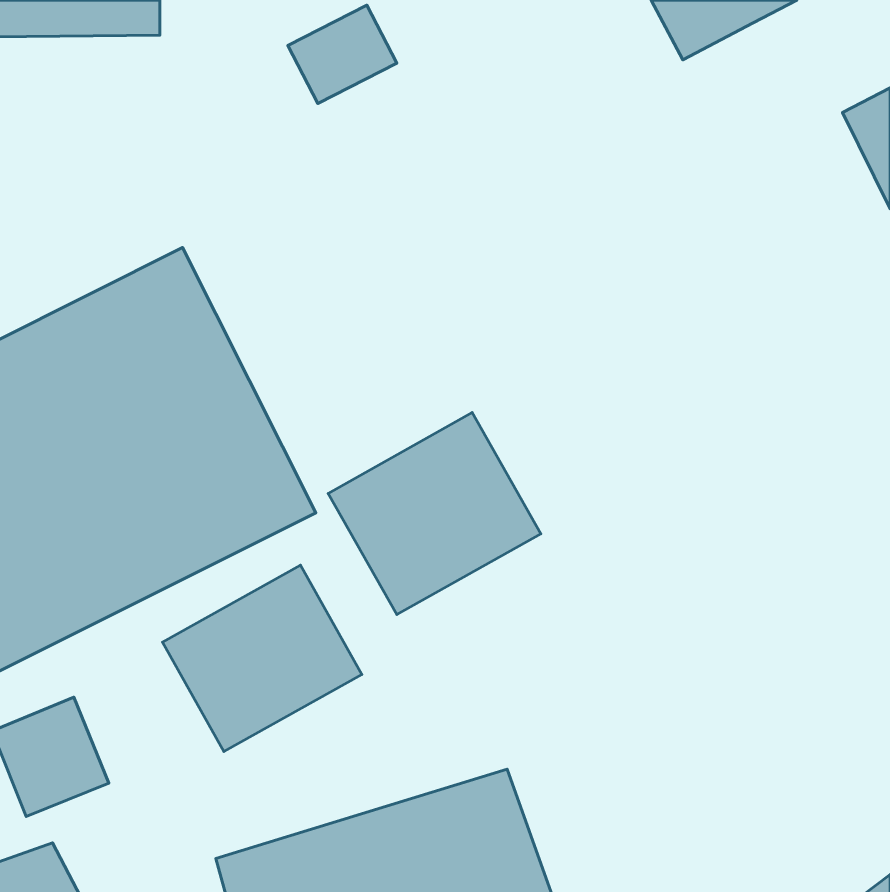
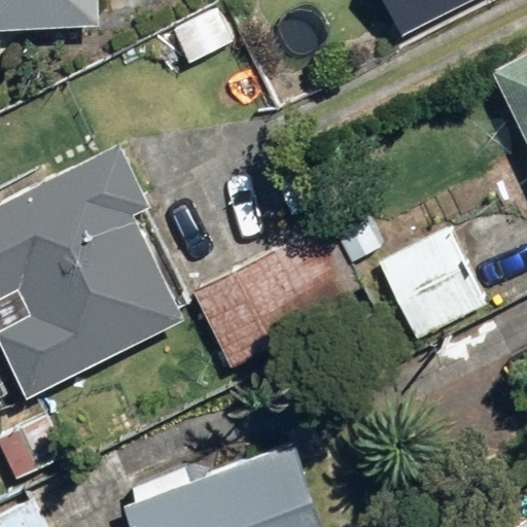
building: none -> [377,227,487,340]
building: [163,565,362,752] -> none

